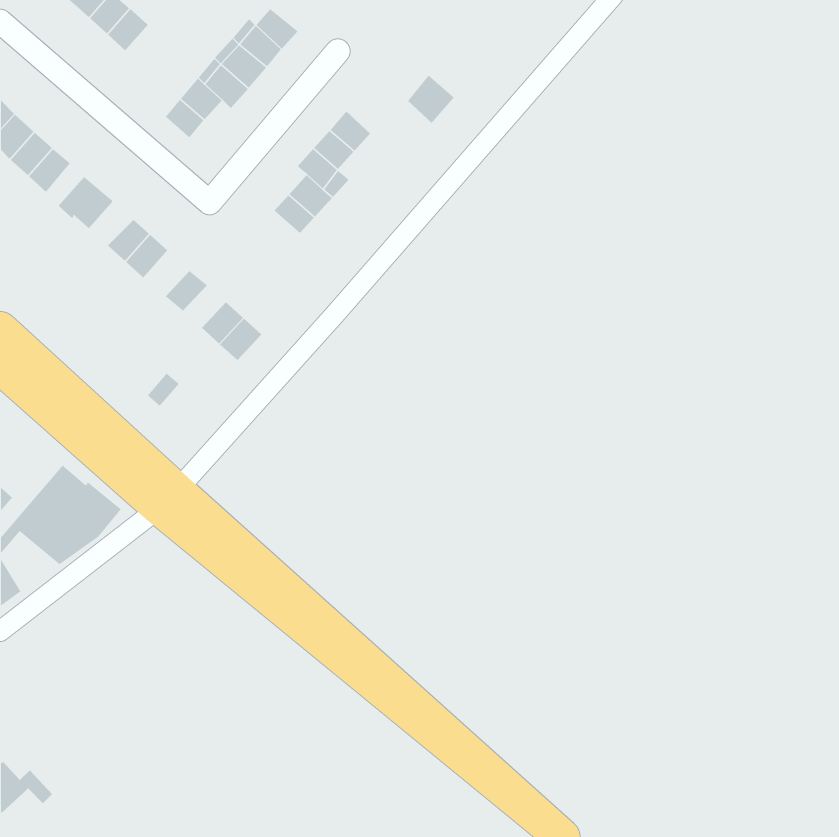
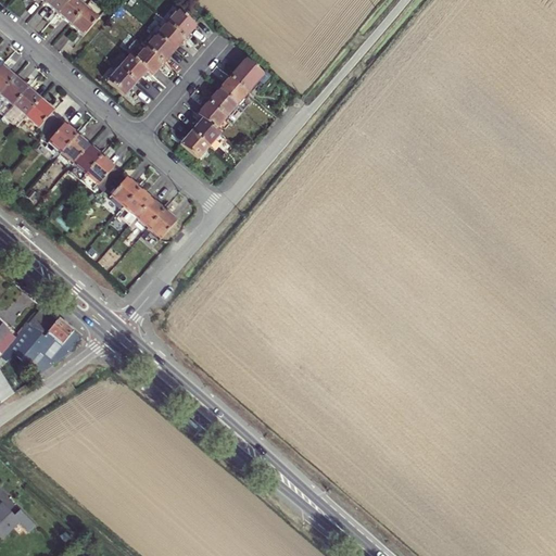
building: [407,74,455,124] -> [230,55,262,88]
building: none -> [56,132,90,167]
building: none -> [115,188,151,225]

